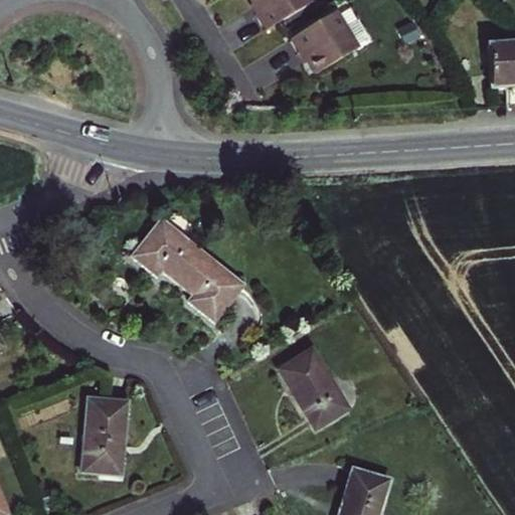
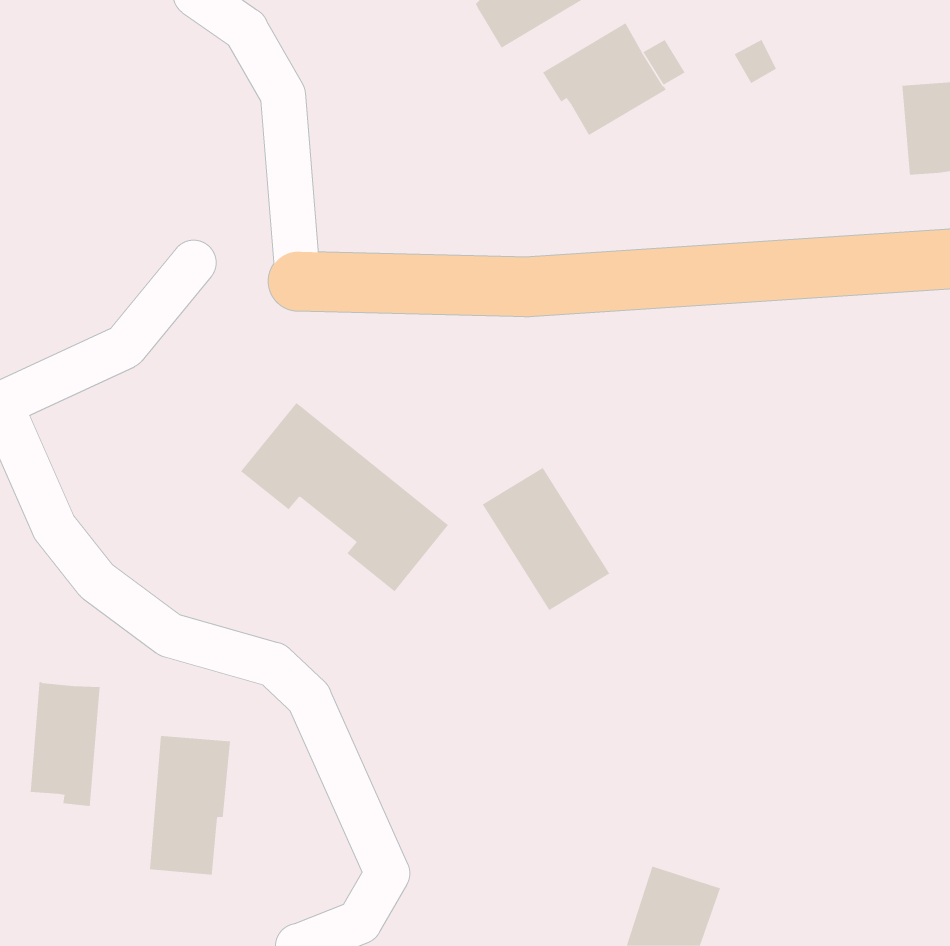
building: [278,349,347,426] -> [482,467,610,611]
building: none -> [30,681,100,807]

